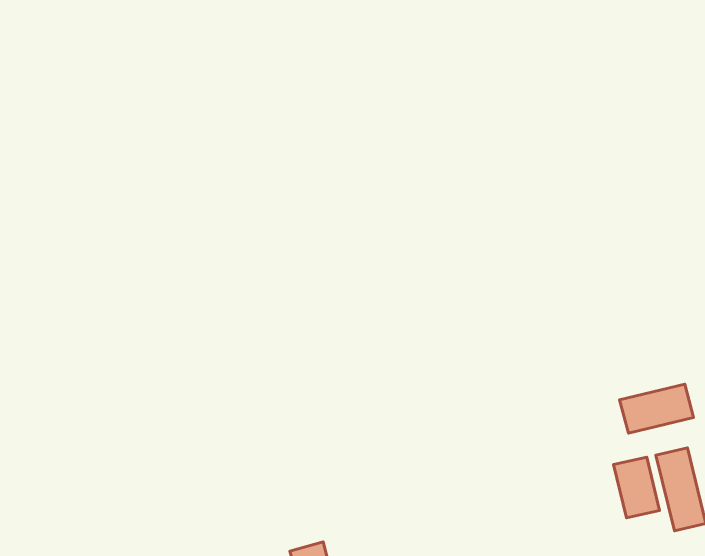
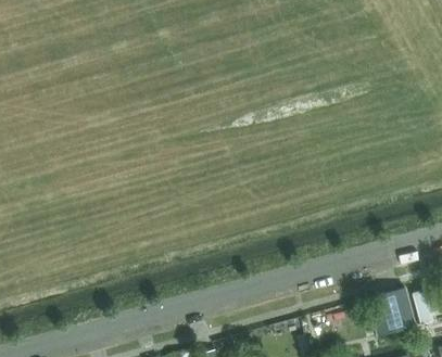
building: [619,384,694,433] -> none

